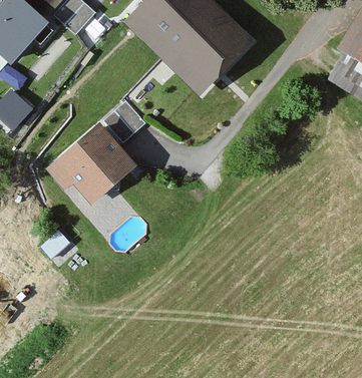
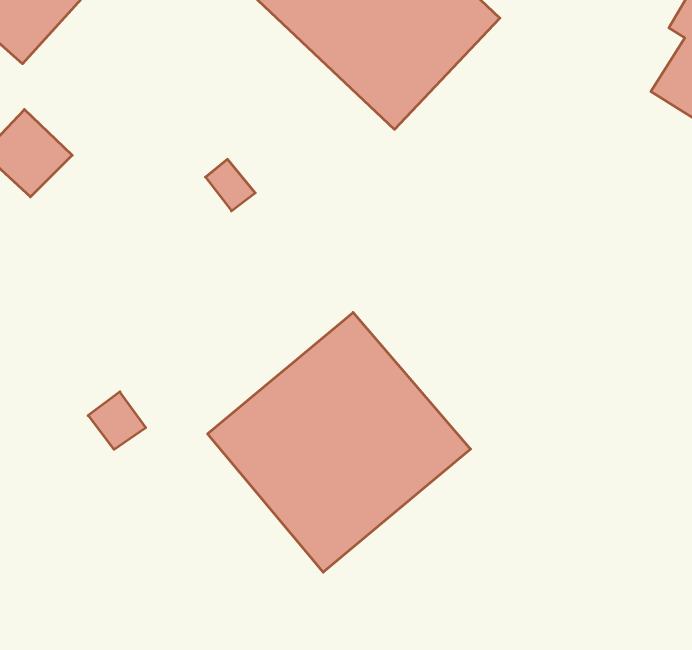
building: [46,122,136,203] -> none
building: none -> [208,312,471,572]

